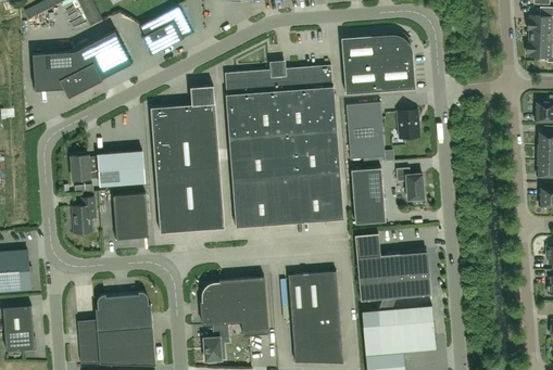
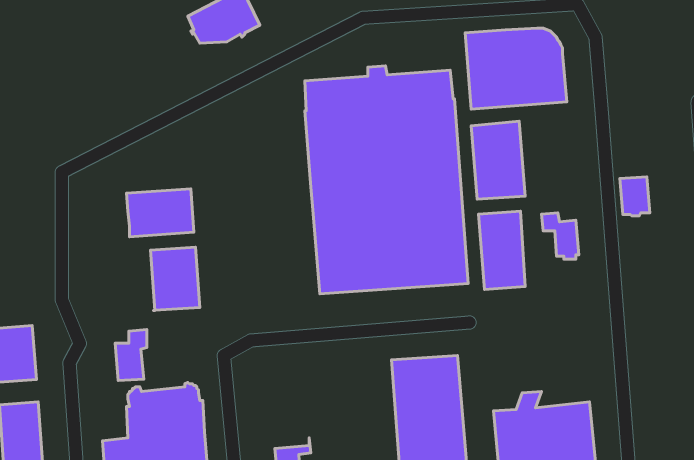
building: [33,30,131,91] -> none
building: [150,86,230,233] -> none
building: [398,111,419,139] -> [620,177,650,216]
building: [71,153,98,180] -> none
building: [72,196,95,233] -> [115,330,147,381]
building: [354,233,430,301] -> none
building: [201,277,268,335] -> none

